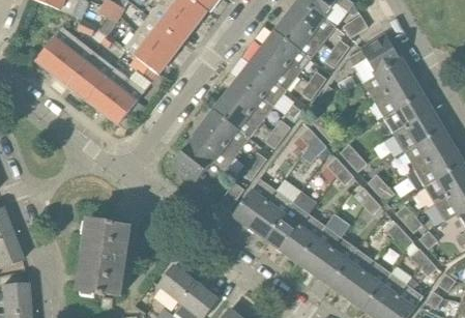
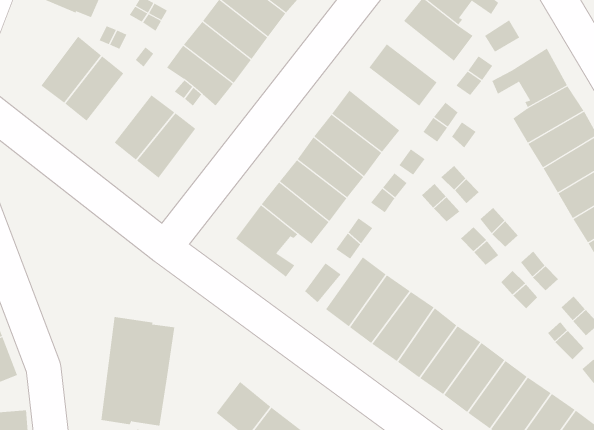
building: [275,16,322,58] -> none
building: [250,48,298,91] -> none
building: [68,52,113,99] -> none

